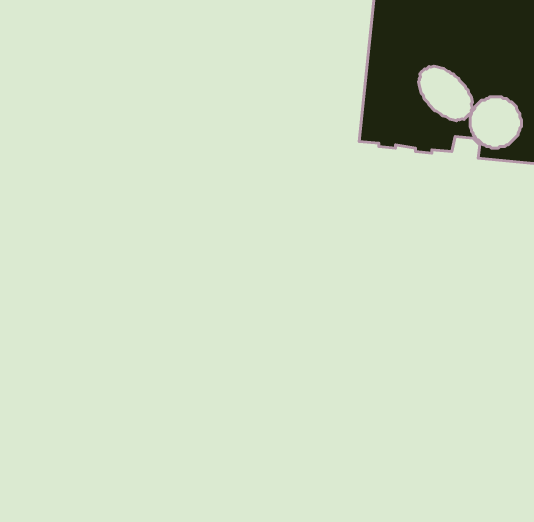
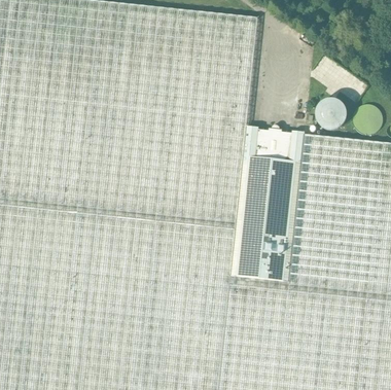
building: [418,66,473,121] -> none

